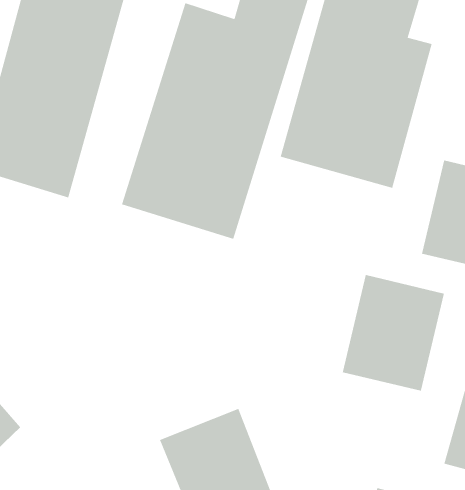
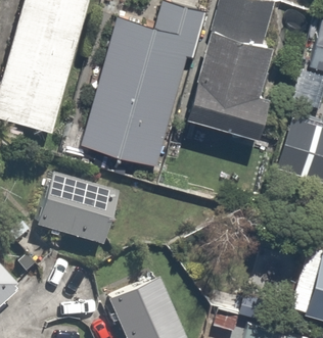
building: none -> [33,171,118,244]
building: [342,274,444,392] -> none

